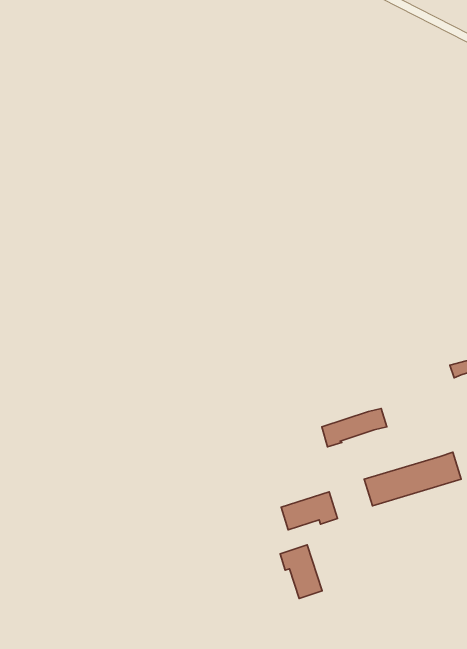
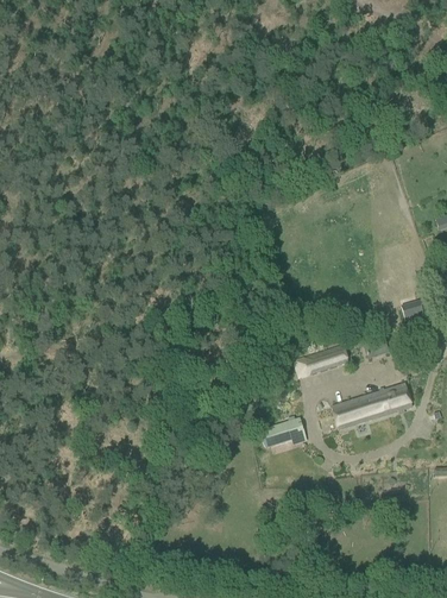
building: [280,545,322,598] -> none

